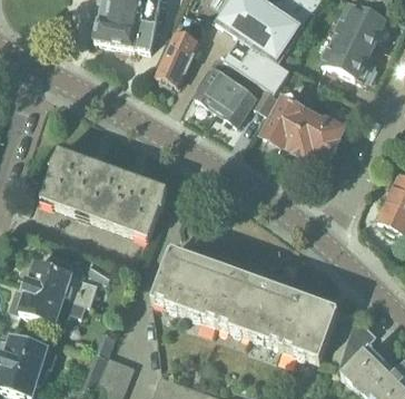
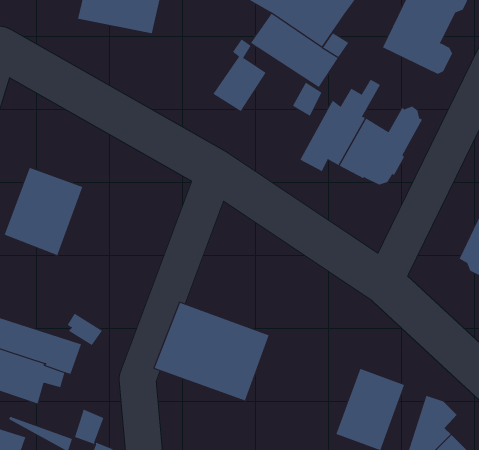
building: [156,30,198,86] -> none
building: [216,78,256,121] -> none
building: [80,163,167,240] -> none
building: [219,273,304,347] -> none

